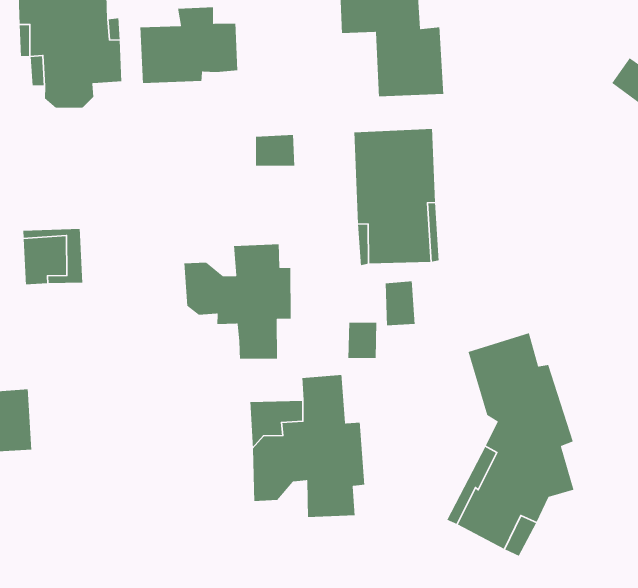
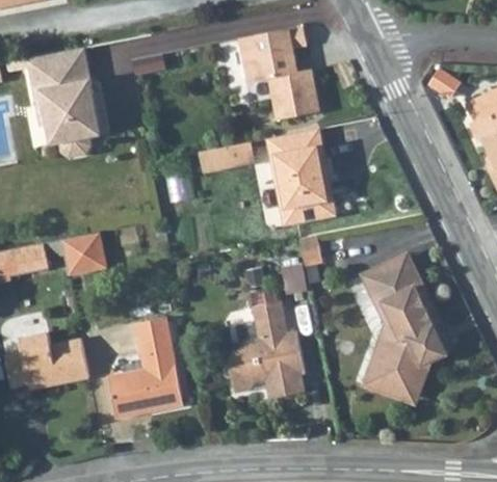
building: [140,7,238,84] -> none
building: [184,243,292,360] -> none
building: none -> [108,316,185,419]

